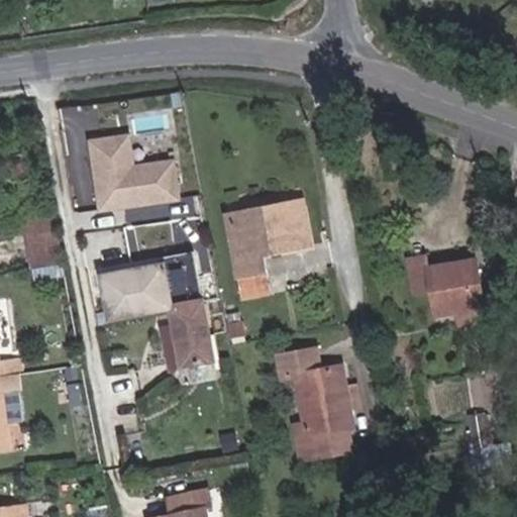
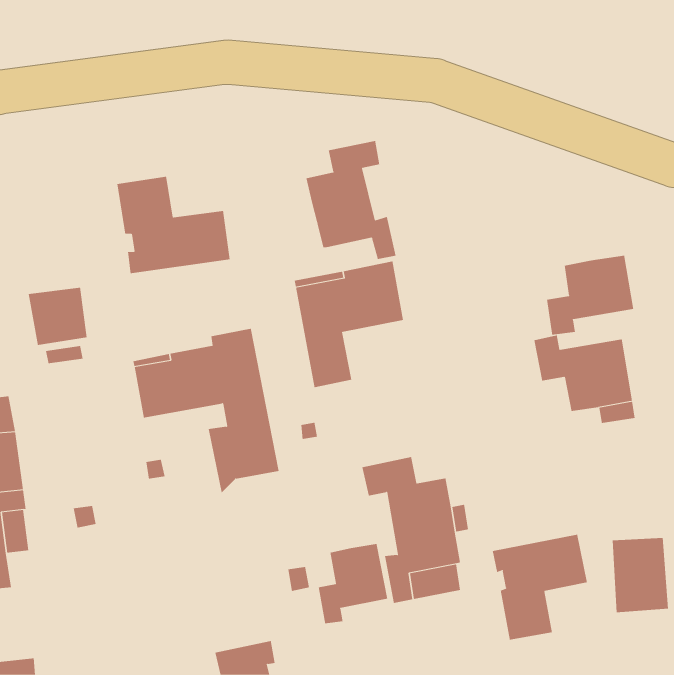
building: none -> [306,140,396,260]
building: none -> [547,255,634,336]
building: none -> [492,534,588,641]
building: none -> [318,543,388,624]

